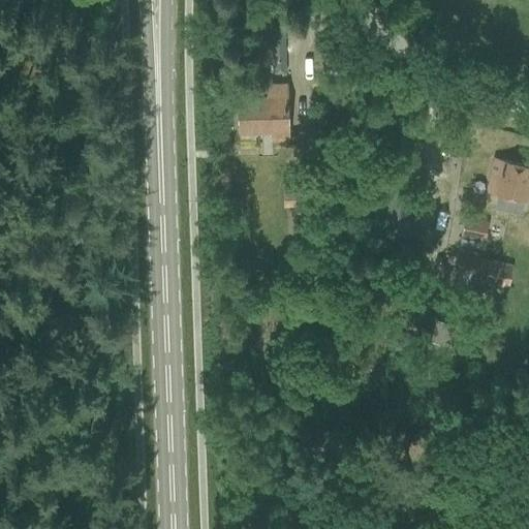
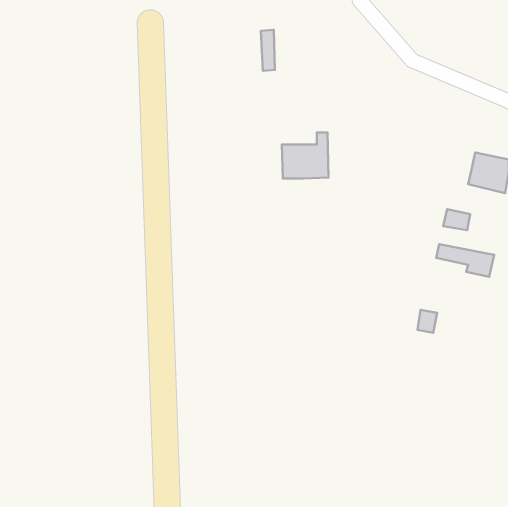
building: [239,86,287,133] -> [282,133,329,178]

